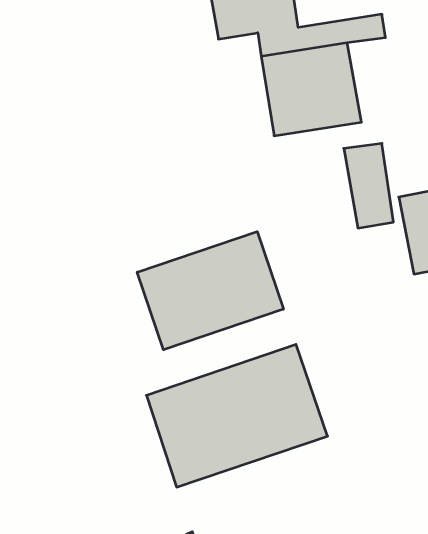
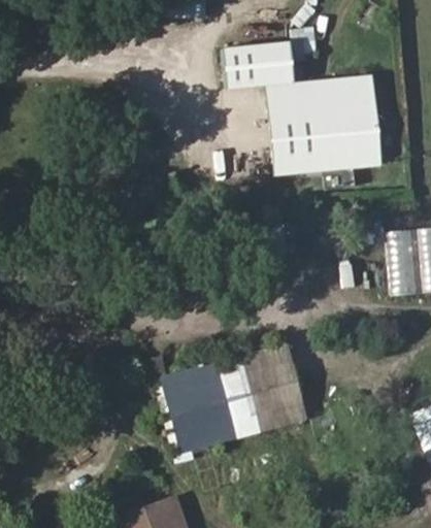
building: [344,143,393,228] -> [345,100,380,168]
building: [137,232,283,350] -> none

